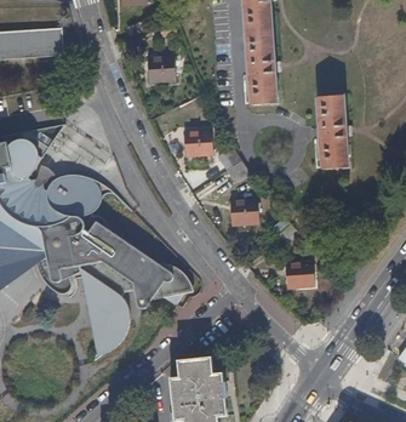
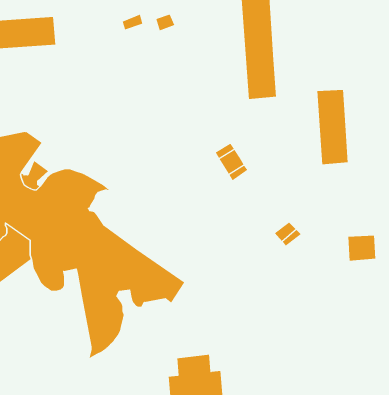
building: [147,56,175,82] -> none
building: [183,131,211,156] -> none
building: [228,199,257,224] -> none
building: [285,262,313,287] -> [348,235,376,261]

